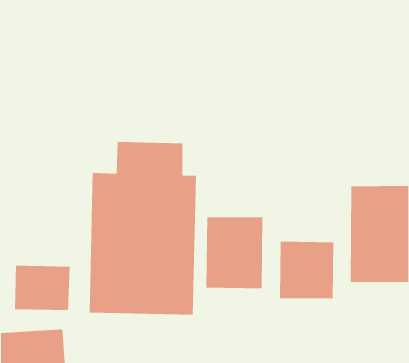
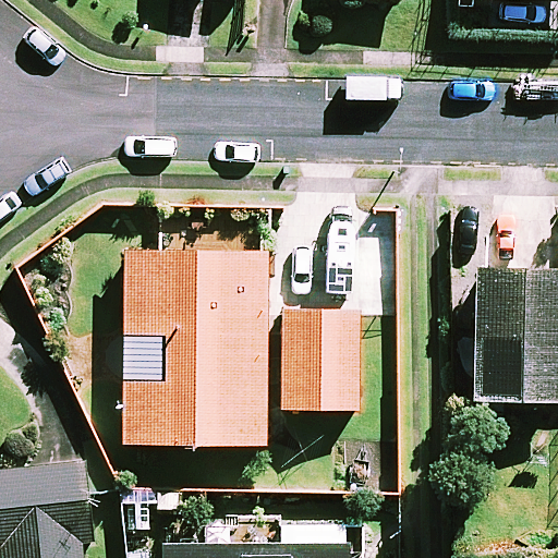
building: [279,241,334,299] -> none
building: [14,265,70,311] -> none

